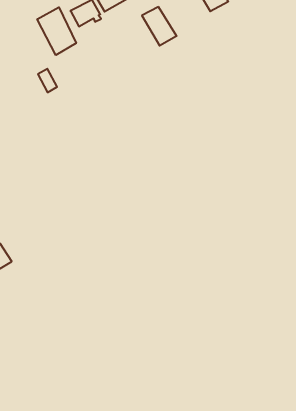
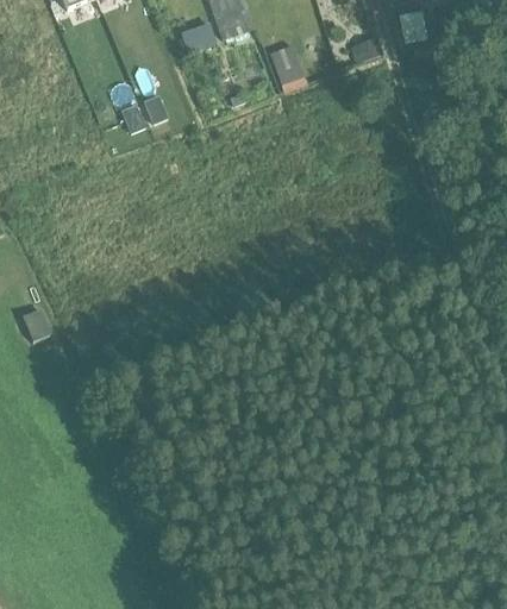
building: [37,7,76,55] -> none

